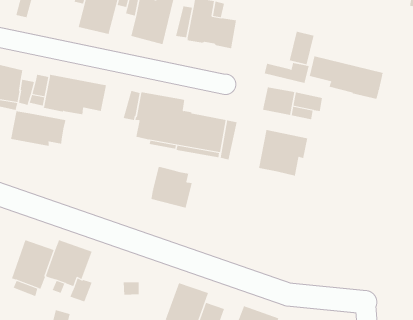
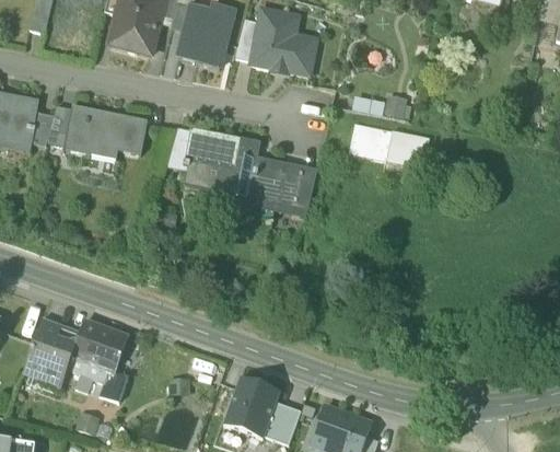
building: [289,31,314,65] -> none
building: [309,56,384,100] -> none
building: [11,111,66,147] -> none
building: [259,129,308,177] -> none
building: [151,166,193,208] -> none

